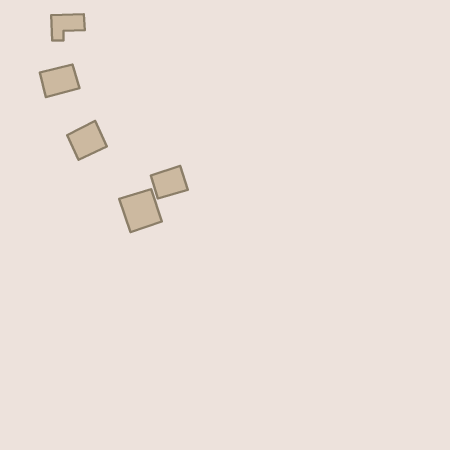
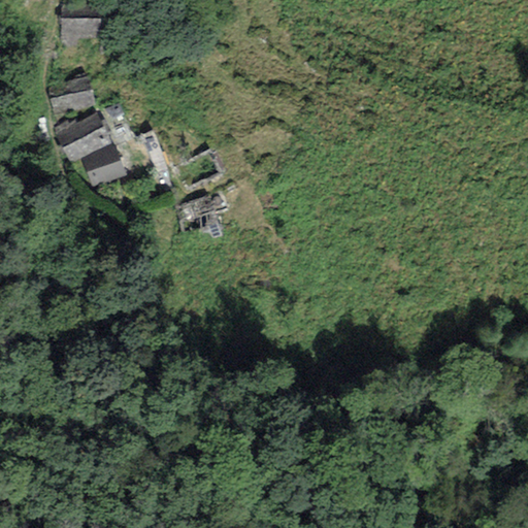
building: none -> [56,110,112,162]
building: [119,189,162,232] -> none

